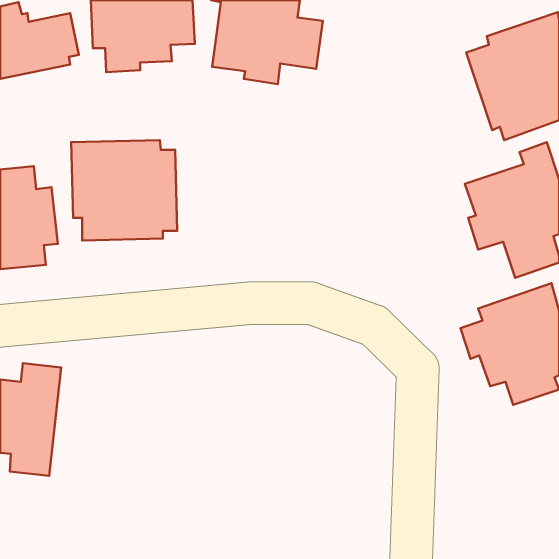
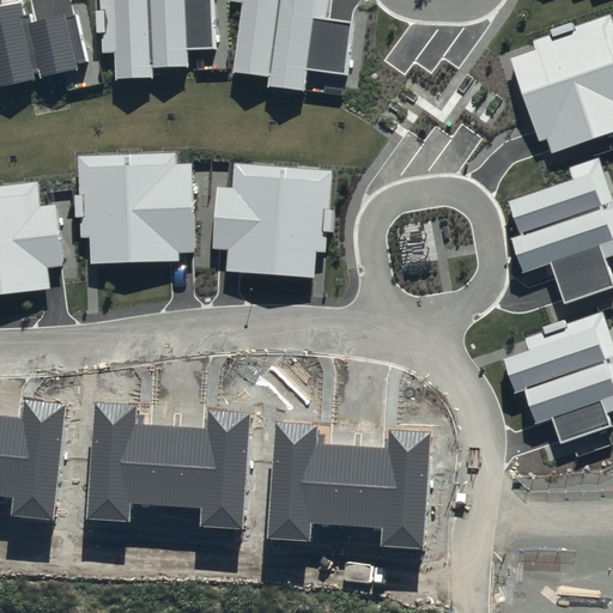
building: none -> [212,163,333,278]
building: none -> [86,402,248,527]
building: none -> [267,421,430,548]

